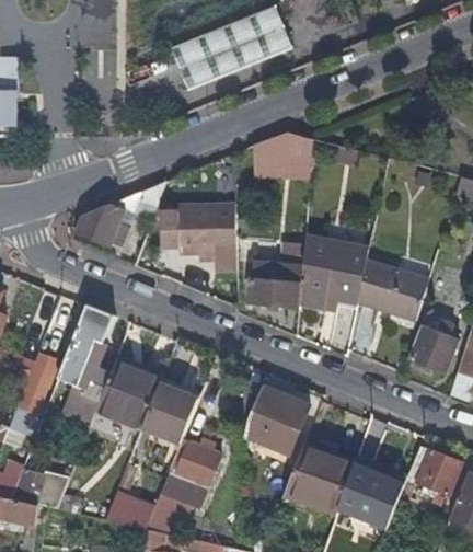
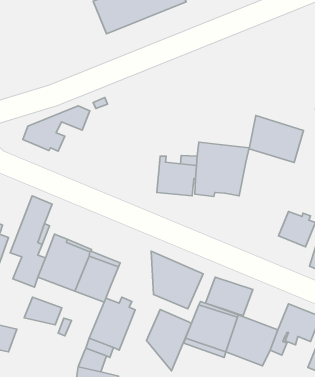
building: [255,130,312,174] -> none
building: [180,205,236,253] -> none
building: [357,262,428,323] -> [249,115,304,162]
building: none -> [205,277,253,316]
building: none -> [147,310,192,371]
building: [106,493,155,529] -> [24,297,62,325]

